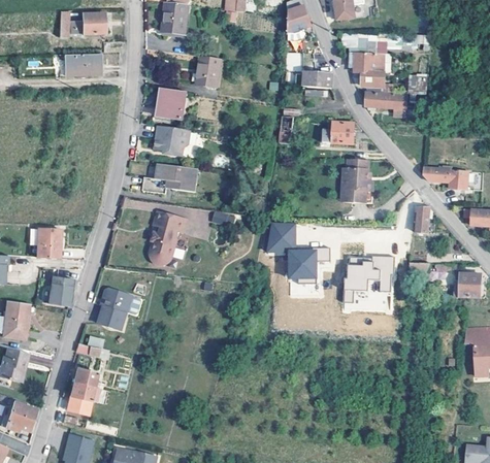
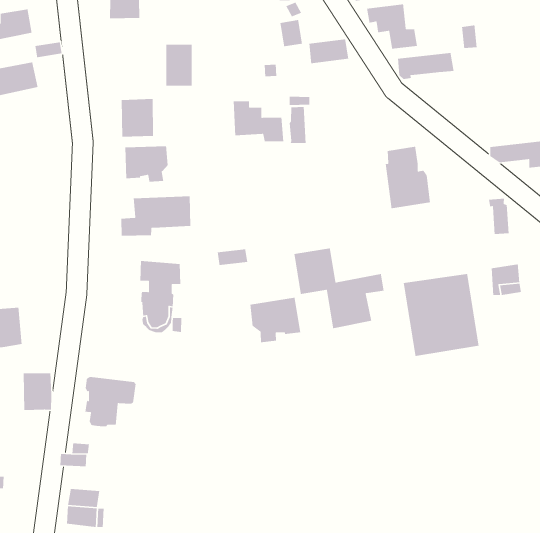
building: none -> [233,100,284,142]
building: [323,123,354,143] -> none
building: none -> [250,297,301,343]

